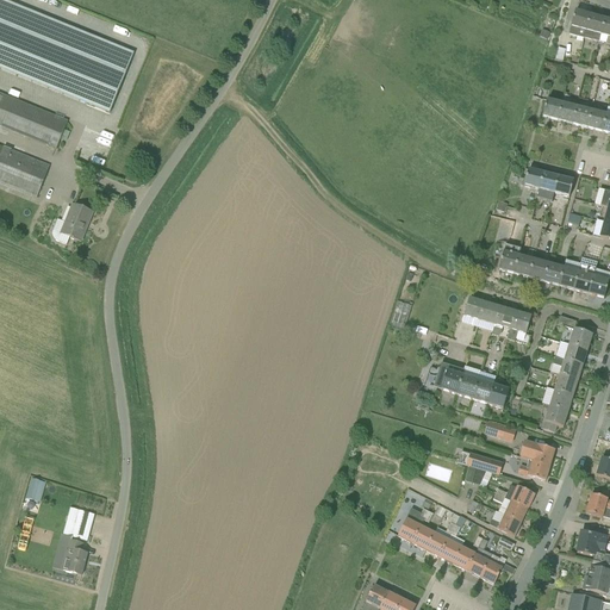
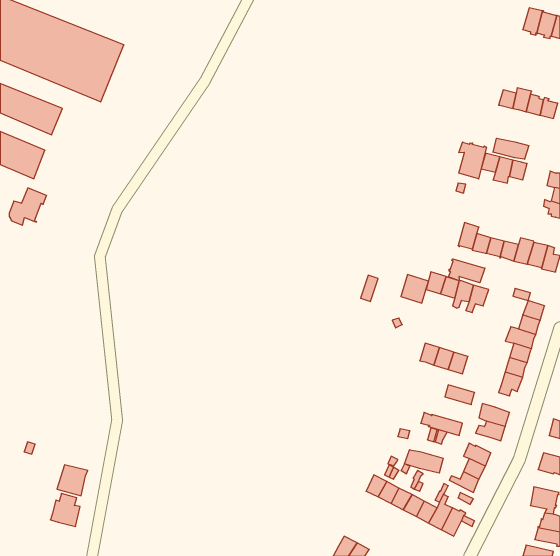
building: none -> [493,138,529,159]
building: none -> [459,142,487,179]
building: [52,201,93,242] -> [9,188,47,225]
building: none -> [449,259,485,283]
building: [434,361,463,392] -> [401,275,428,303]
building: none -> [404,450,443,473]

